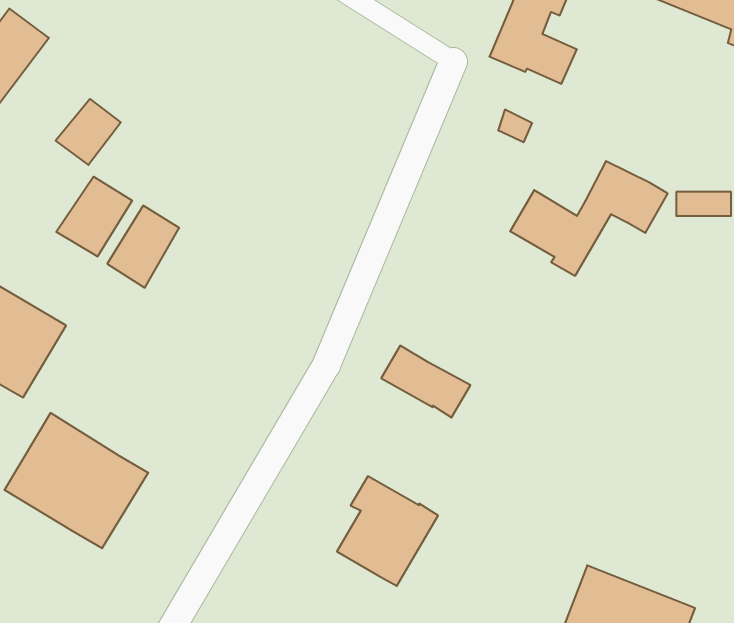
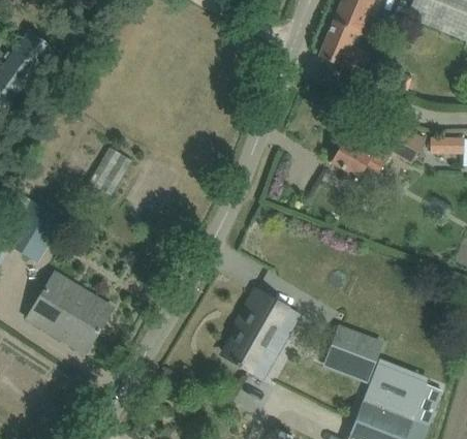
building: [56,99,121,165] -> none
building: [56,177,132,257] -> none
building: [381,346,470,418] -> [245,290,299,334]
building: none -> [323,324,383,382]

